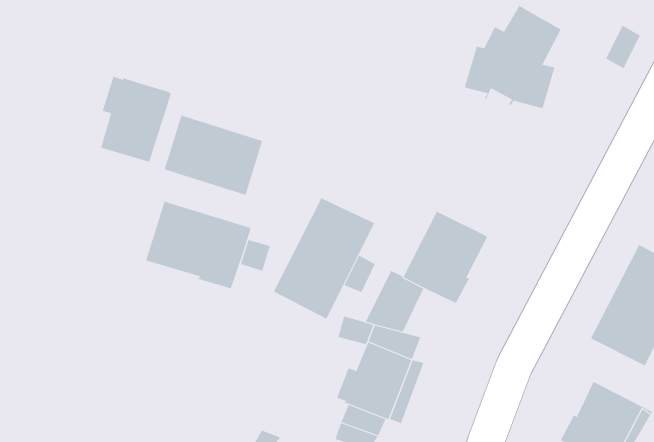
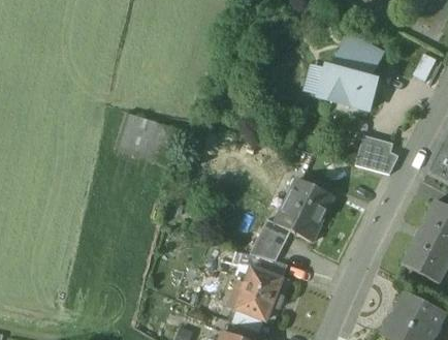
building: [101,76,172,162] -> none
building: none -> [354,134,397,174]
building: [273,197,375,320] -> none
building: [146,201,251,289] -> none

